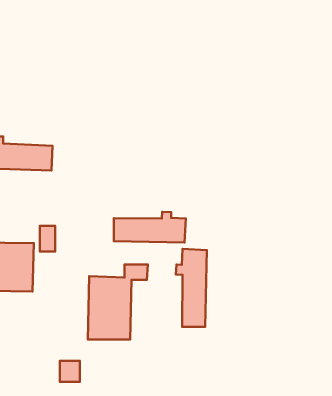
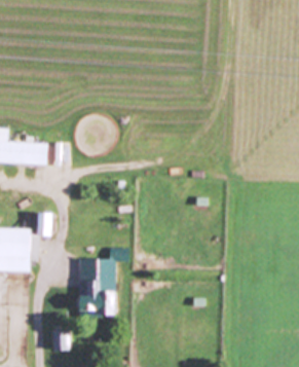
building: [114,212,186,242] -> none
building: [176,249,207,327] -> none

